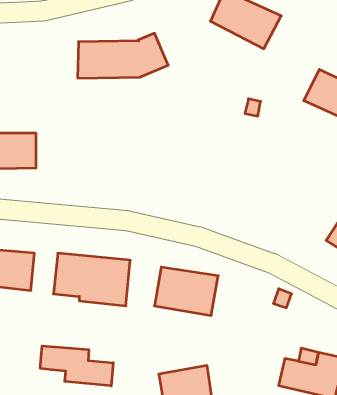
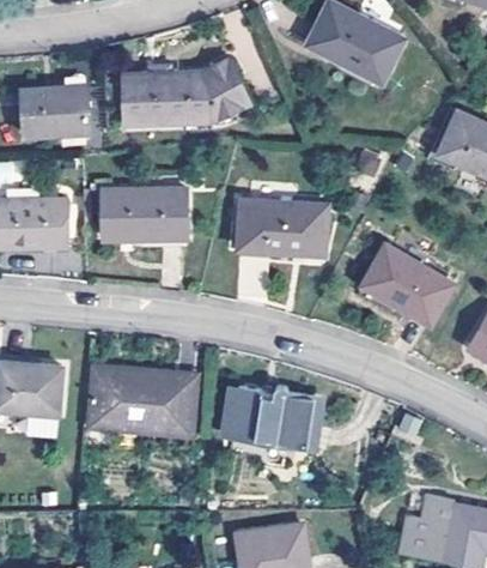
building: none -> [23,86,86,134]
building: none -> [102,187,187,240]
building: none -> [238,198,328,254]
building: none -> [358,241,453,327]
building: [40,346,113,386] -> none

